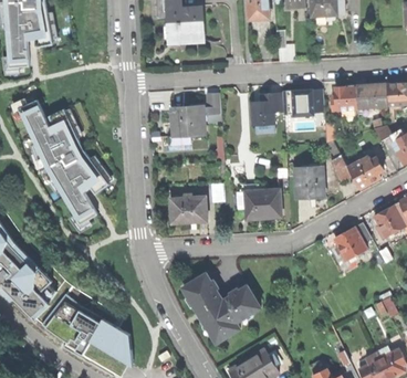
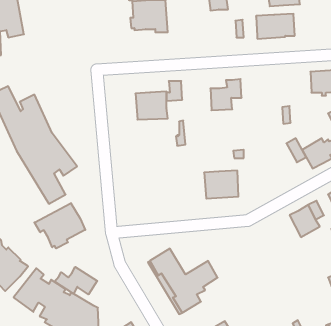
building: [331,84,357,109] -> none
building: [282,88,323,115] -> [256,14,295,39]
building: [294,167,323,198] -> none
building: [170,197,206,222] -> none
building: none -> [34,203,85,248]
building: none -> [55,267,97,294]

